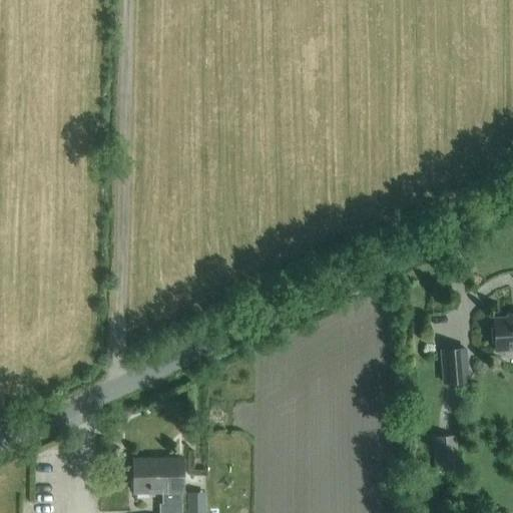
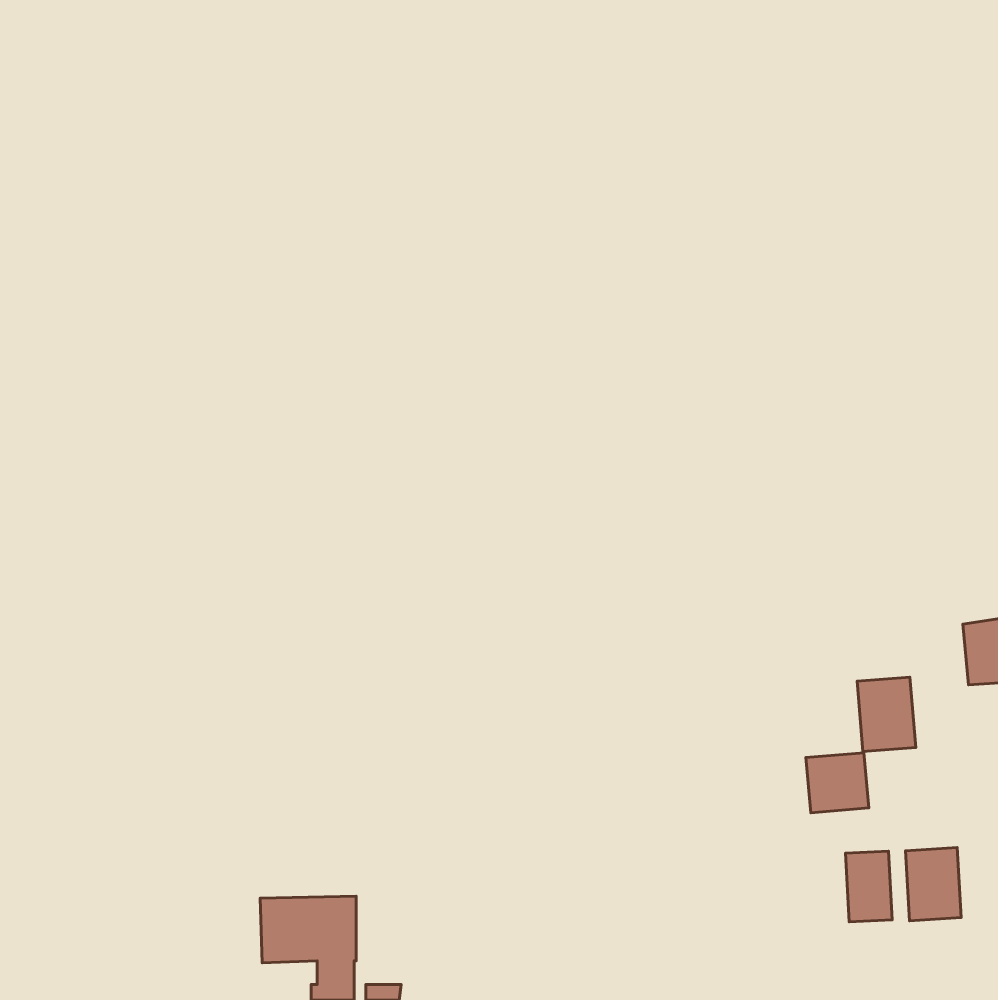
building: none -> [806,753,869,813]
building: none -> [906,847,961,921]

